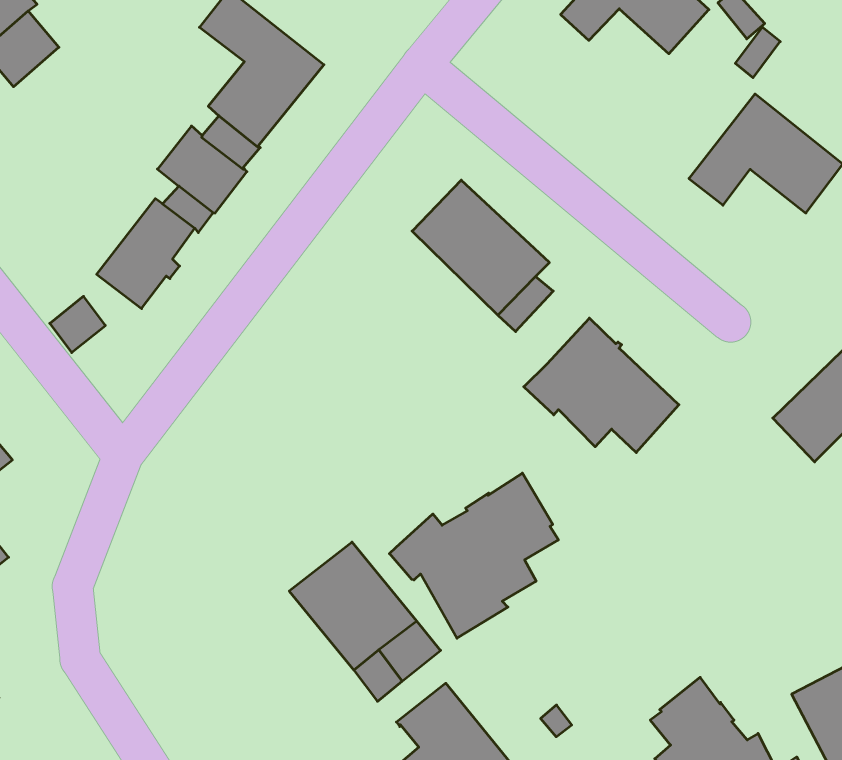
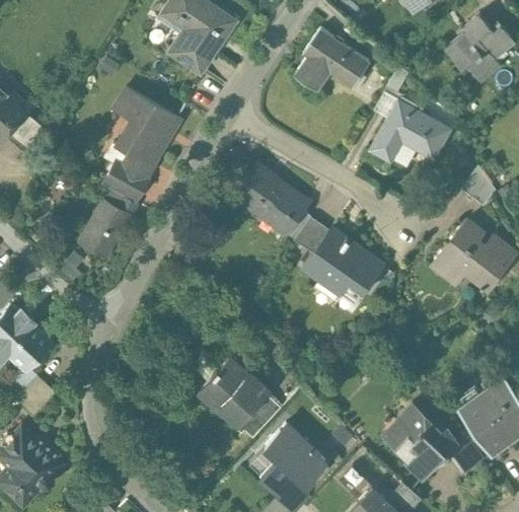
building: none -> [294,217,329,254]
building: [389,473,558,638] -> none

